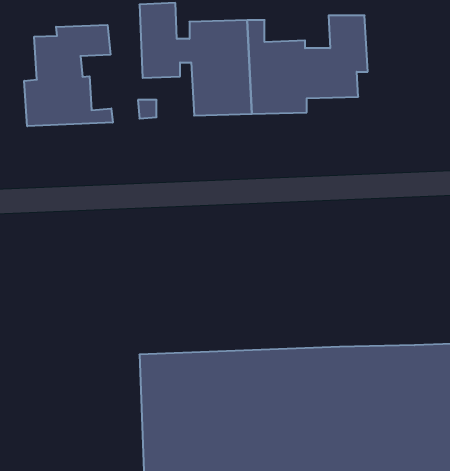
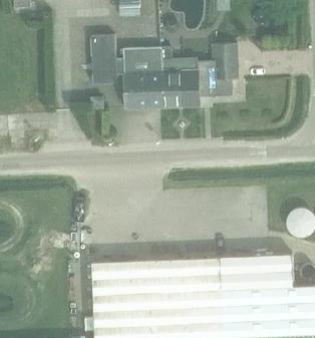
building: [24,25,113,126] -> none

